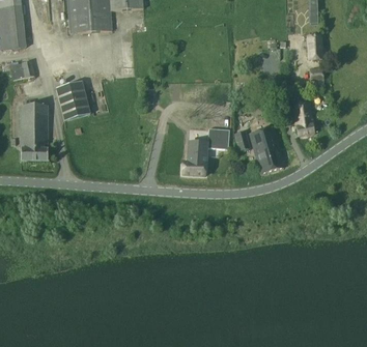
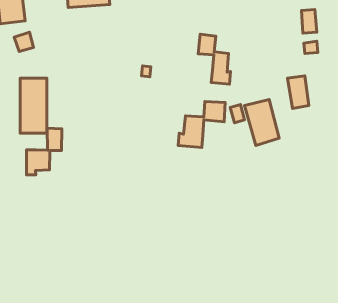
building: none -> [198,34,230,84]
building: [55,81,90,120] -> none
building: none -> [27,128,62,175]

